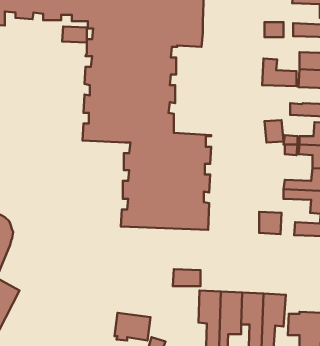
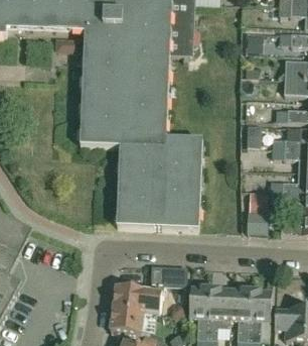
building: none -> [113,283,163,314]

